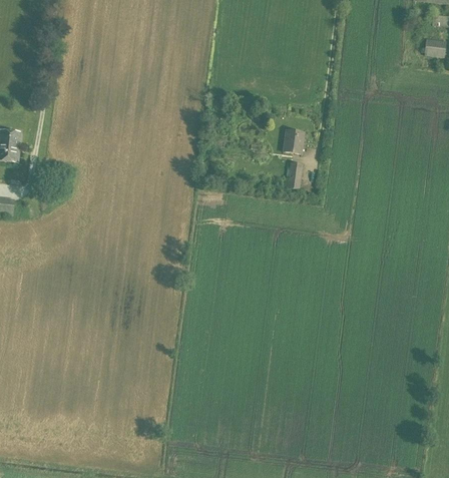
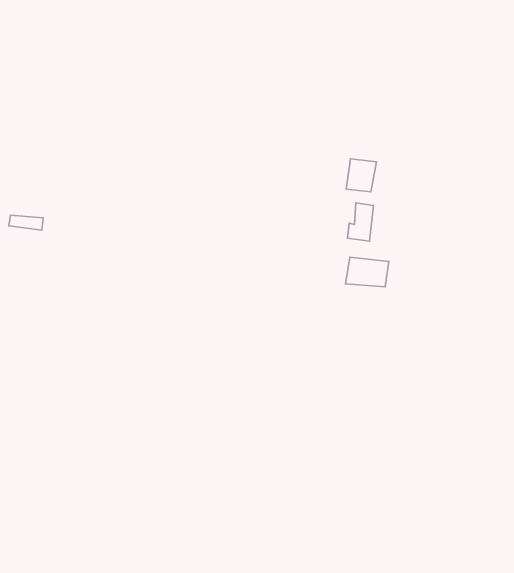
building: none -> [346,257,389,287]

